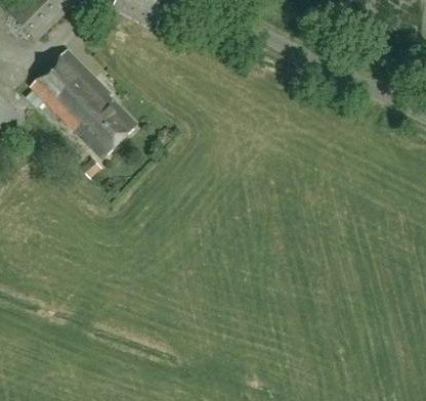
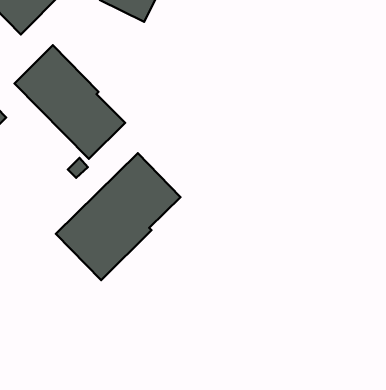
building: none -> [56,153,181,280]

